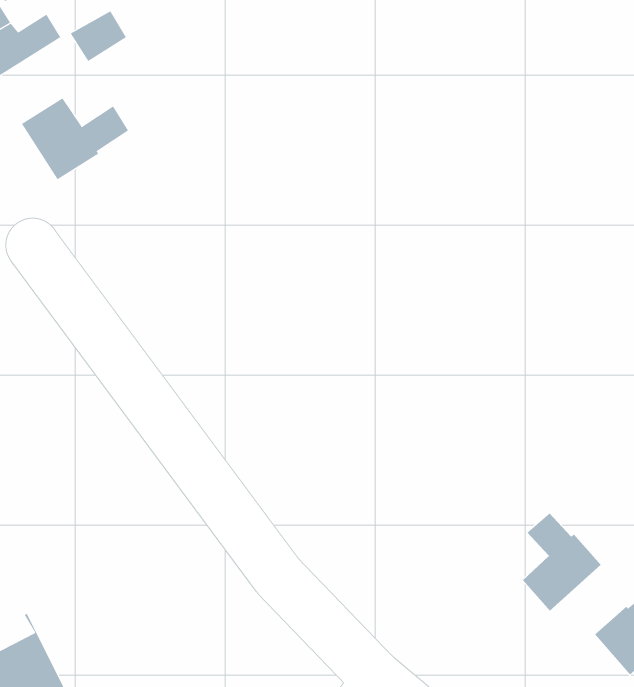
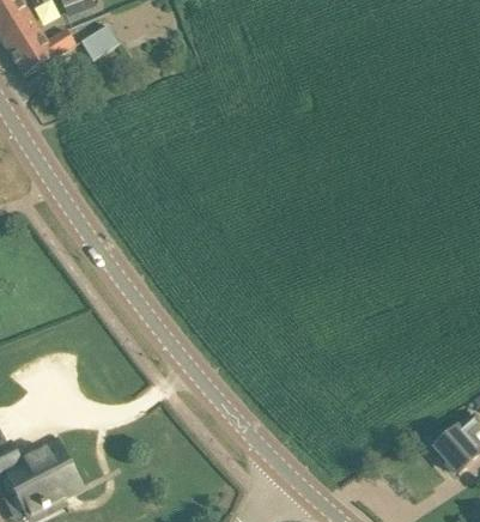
building: [21,97,129,180] -> none
building: [522,512,601,611] -> none

